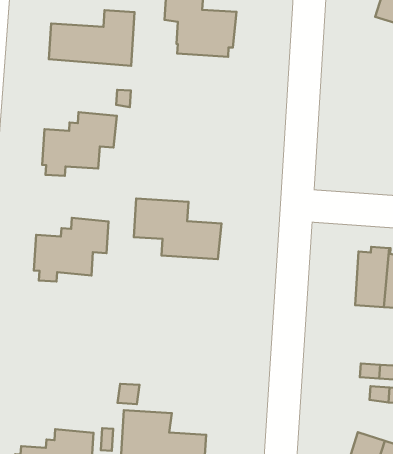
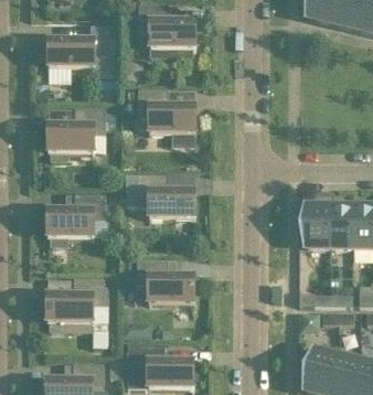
building: none -> [138,89,195,134]
building: none -> [137,259,194,303]
building: none -> [47,278,105,330]

